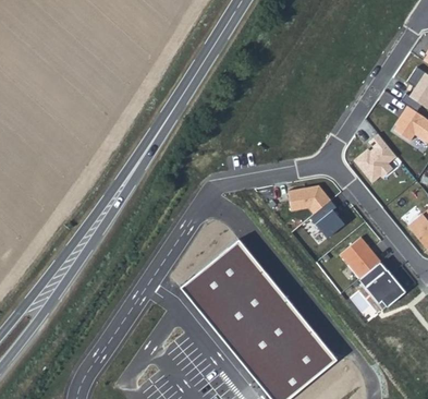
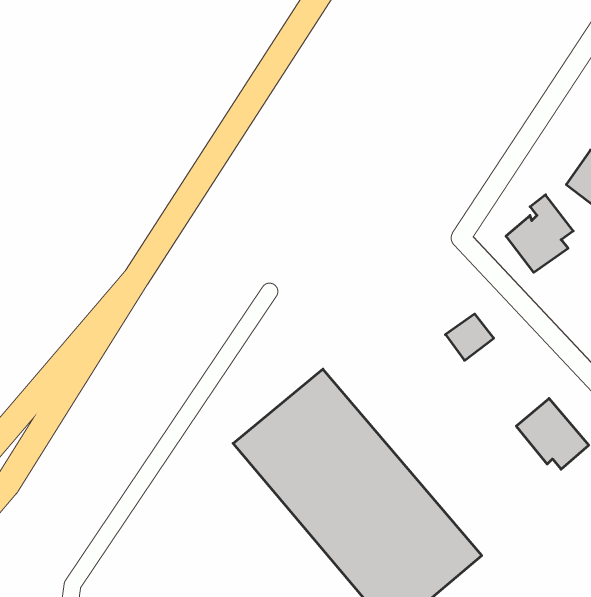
building: [288,184,332,214] -> none
building: [340,235,381,280] -> none

